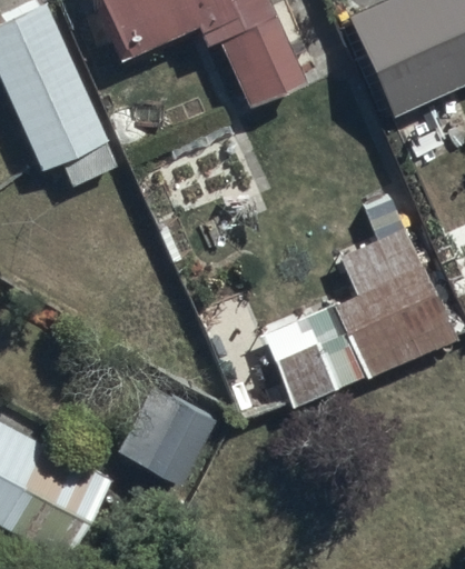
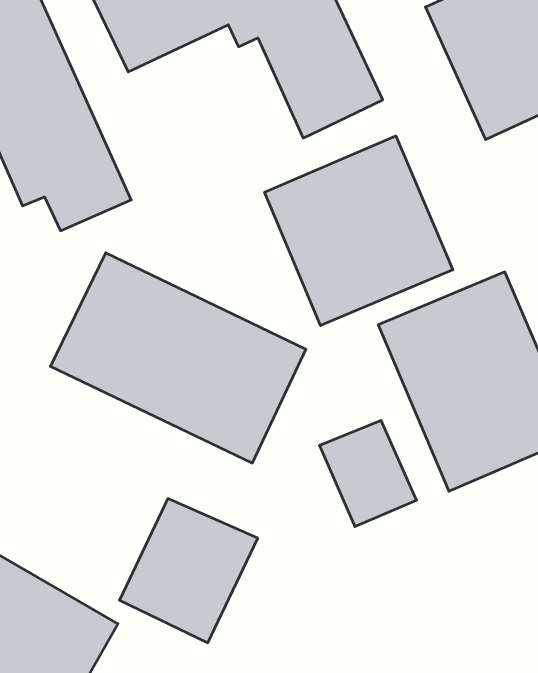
building: none -> [265,136,453,326]
building: none -> [50,253,306,463]

